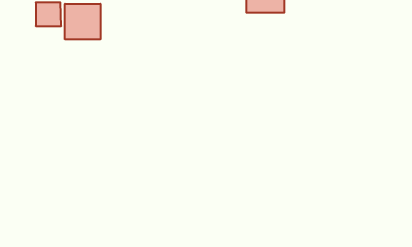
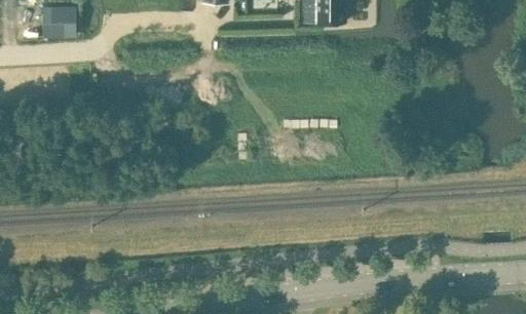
building: [65,4,100,39] -> none

